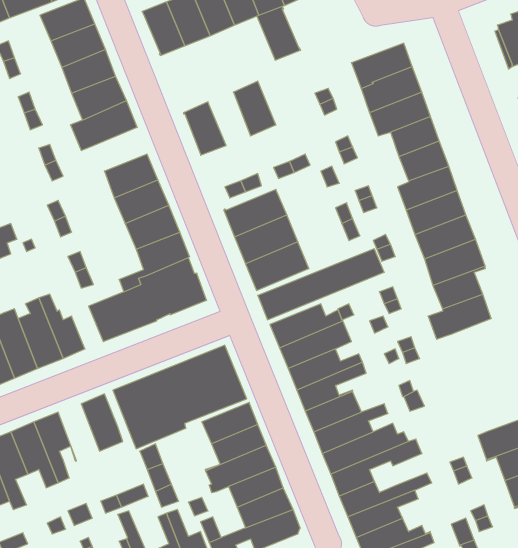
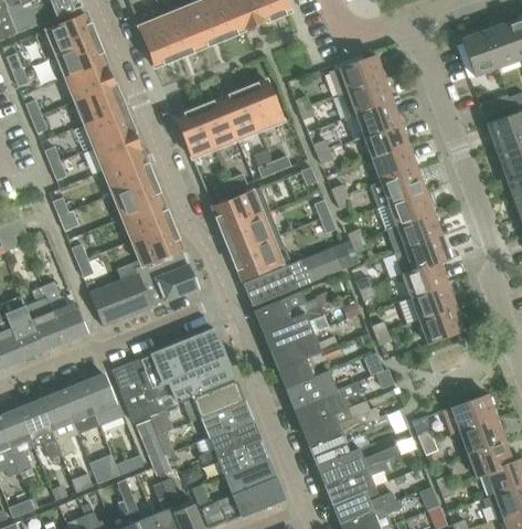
building: [257,6,301,60] -> [243,81,283,129]
building: none -> [198,99,236,148]
building: none -> [94,131,142,171]
building: none -> [418,305,464,343]
building: none -> [62,382,99,434]

